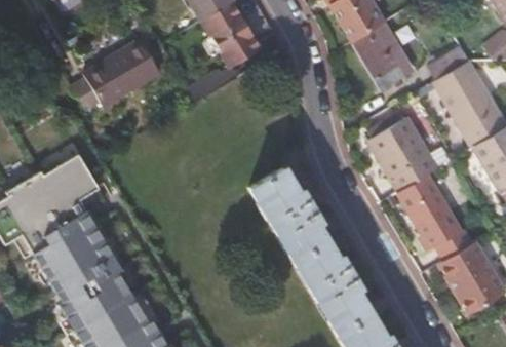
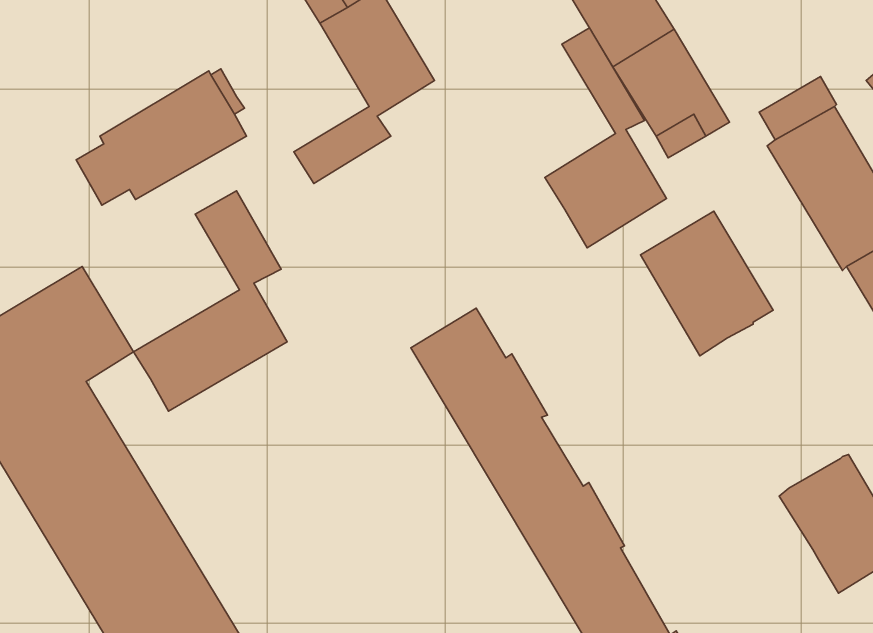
building: none -> [545,28,667,248]
building: none -> [134,191,287,411]
building: [396,174,471,260] -> none

